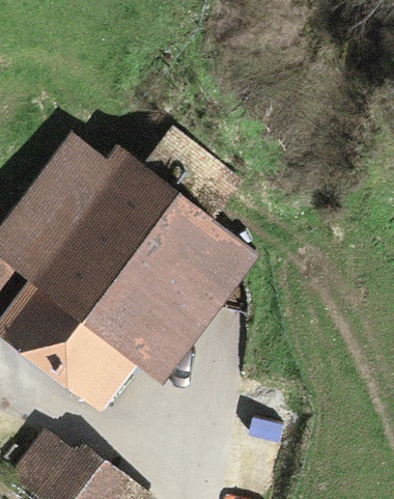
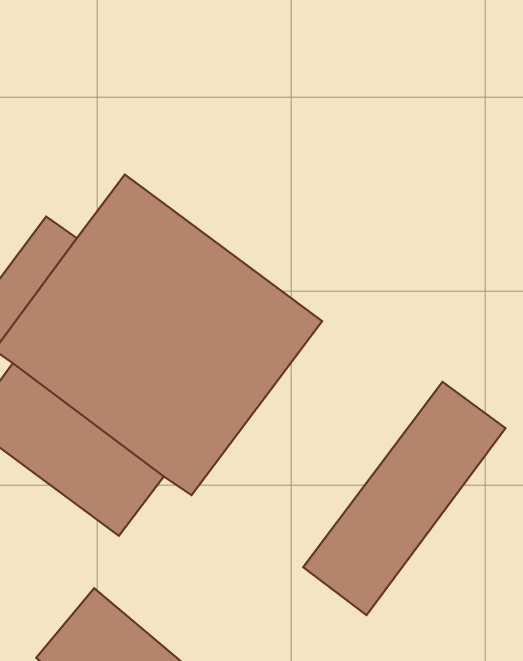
building: none -> [303,382,505,615]

